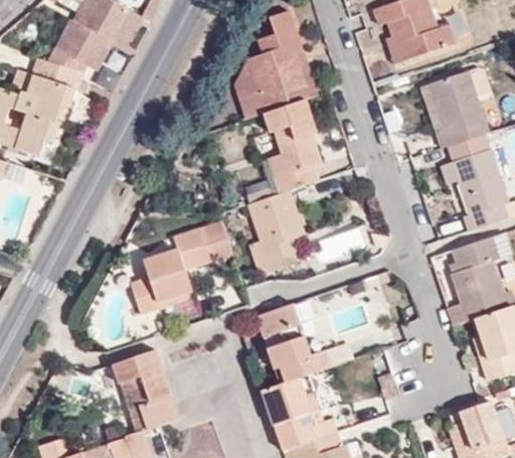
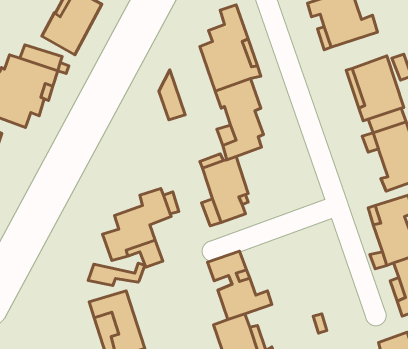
building: [232,59,264,119] -> [159,70,185,120]
building: none -> [88,263,145,286]

